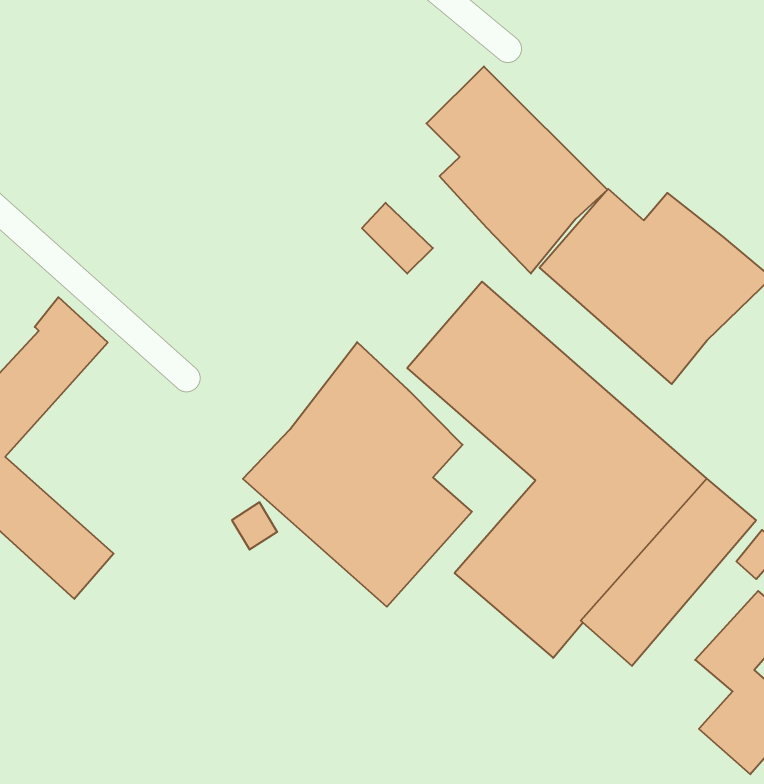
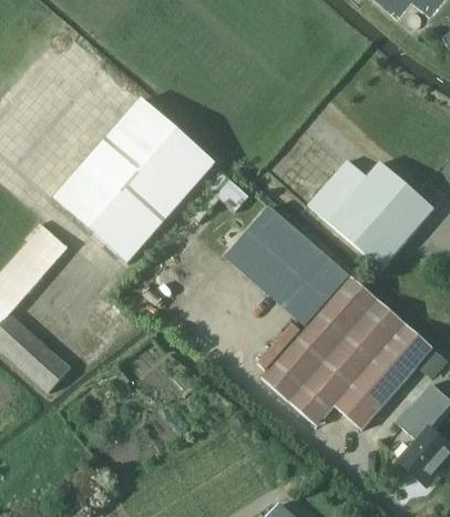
building: [426,66,607,274] -> none
building: none -> [52,97,214,262]
building: [243,342,472,607] -> none

